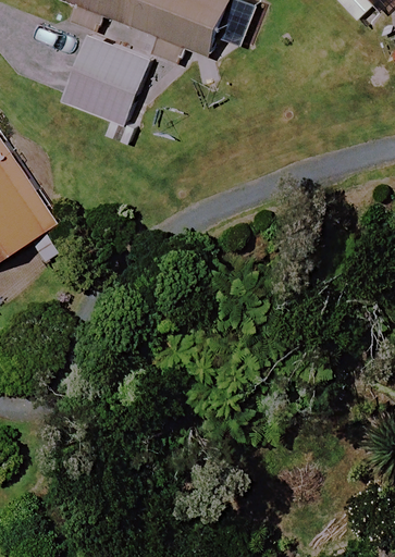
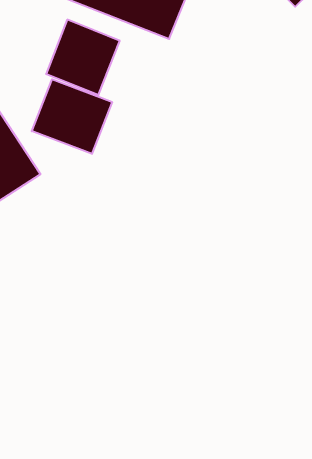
building: none -> [32,79,112,154]

